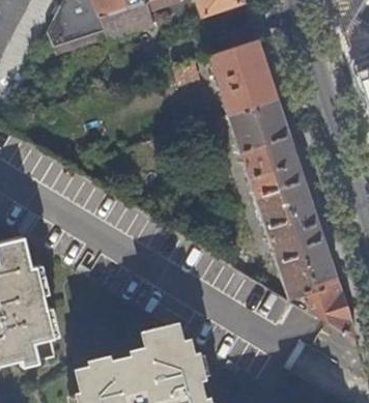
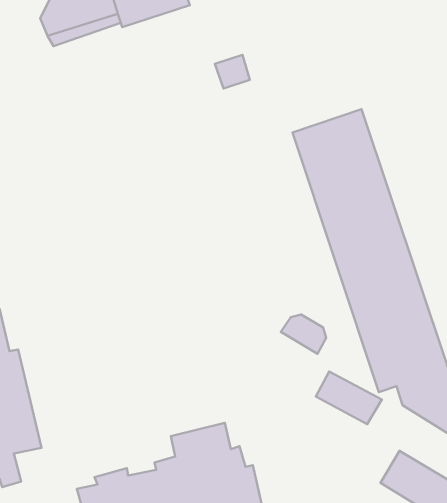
building: [207,39,277,116] -> none

